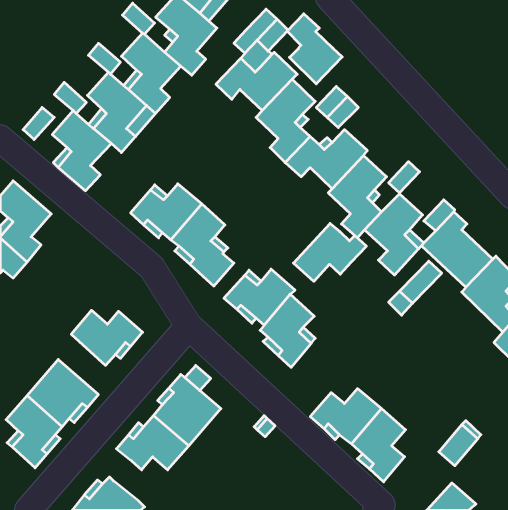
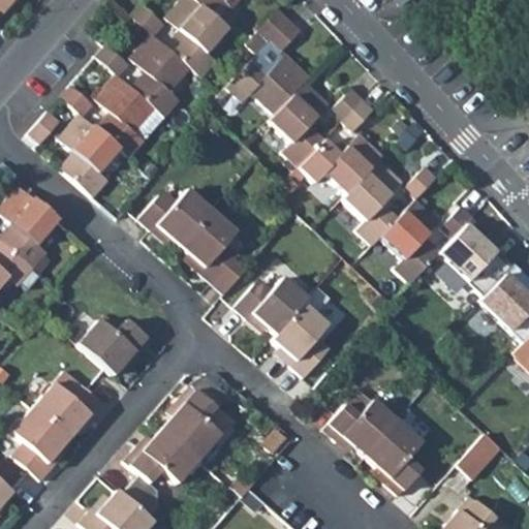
building: [287,14,342,84] -> none
building: [293,223,366,281] -> none
building: none -> [122,474,159,516]

